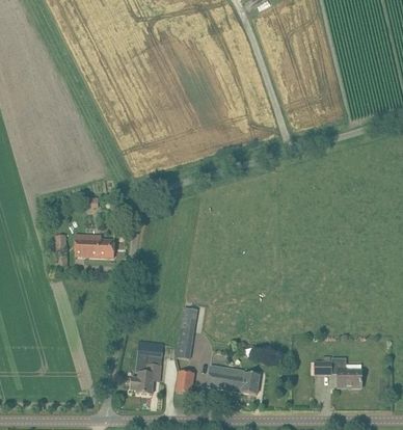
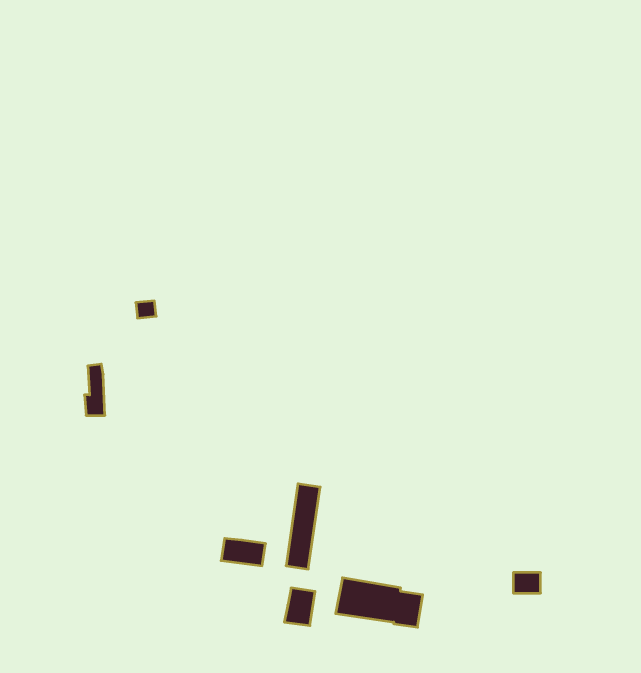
building: [75,235,114,258] -> none
building: [130,364,161,395] -> none
building: [338,364,361,387] -> none

